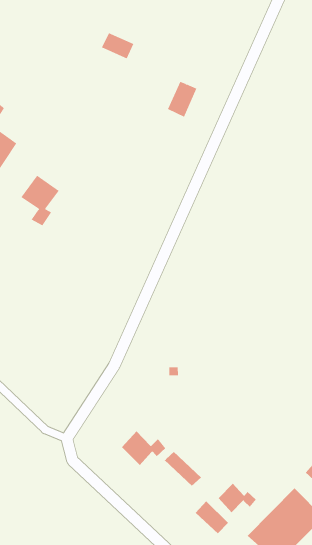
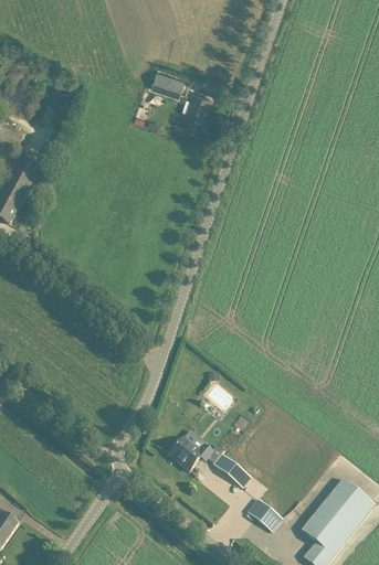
building: [101,32,134,59] -> [150,71,182,95]
building: [20,175,60,226] -> none
building: [218,483,257,513] -> none

